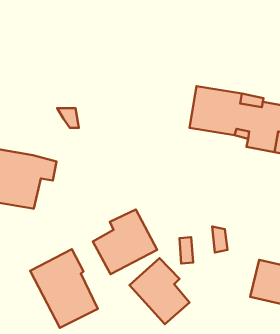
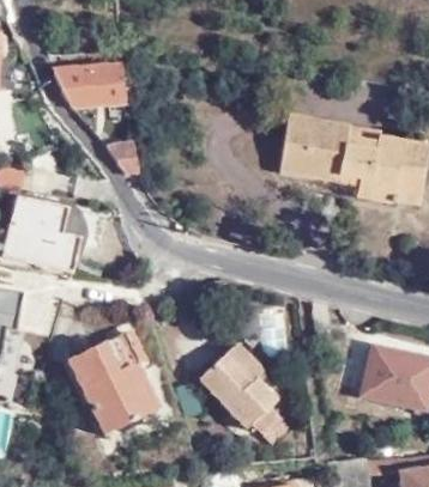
building: none -> [52,66,123,106]
building: [93,209,157,274] -> none

